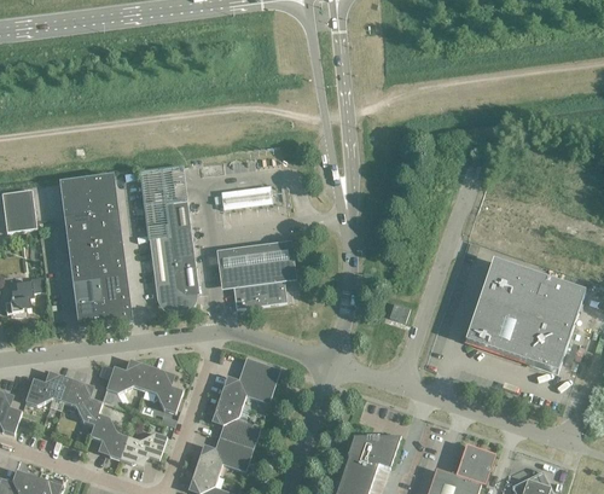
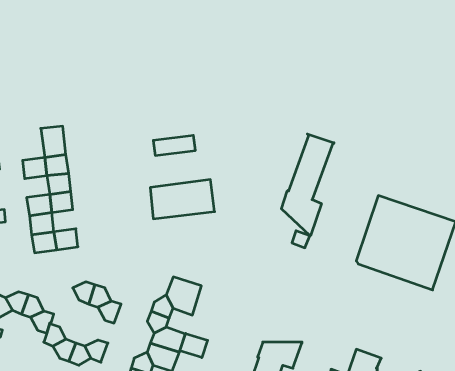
building: [140,165,198,312] -> none
building: [59,178,91,216] -> none
building: none -> [281,134,334,236]
building: [66,234,97,261] -> none
building: [99,275,128,302] -> none
building: [232,279,285,307] -> none
building: [103,365,132,408] -> none
building: none -> [180,333,208,358]

